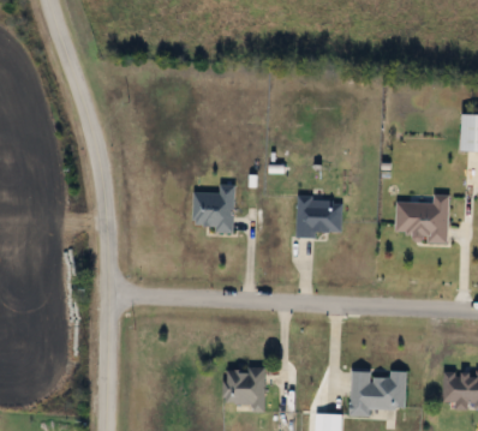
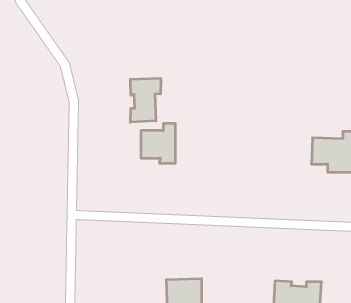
building: none -> [130,78,161,122]
building: [297,197,341,235] -> none

